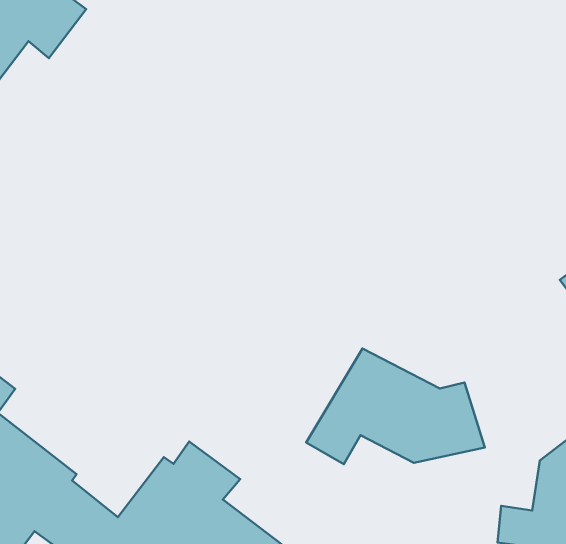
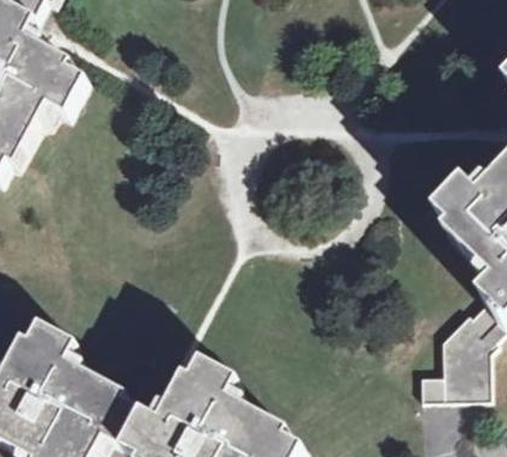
building: [306,348,485,464] -> none

